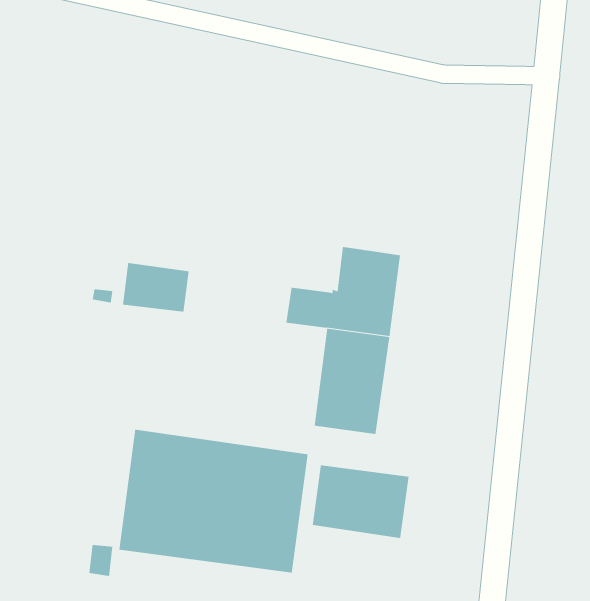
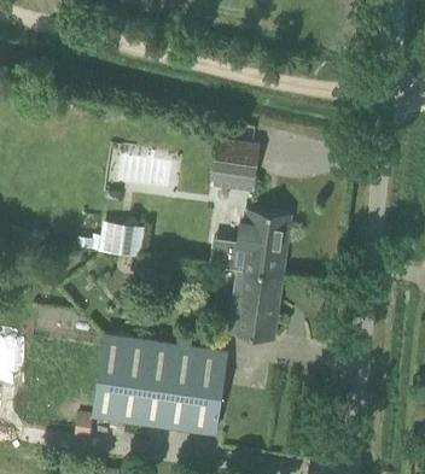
building: none -> [211,140,260,180]
building: [312,465,409,539] -> none

